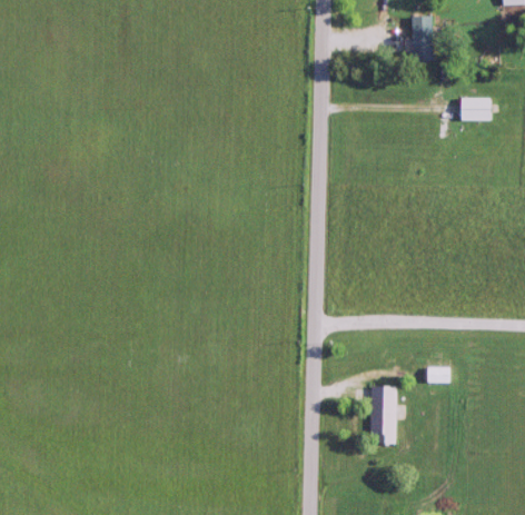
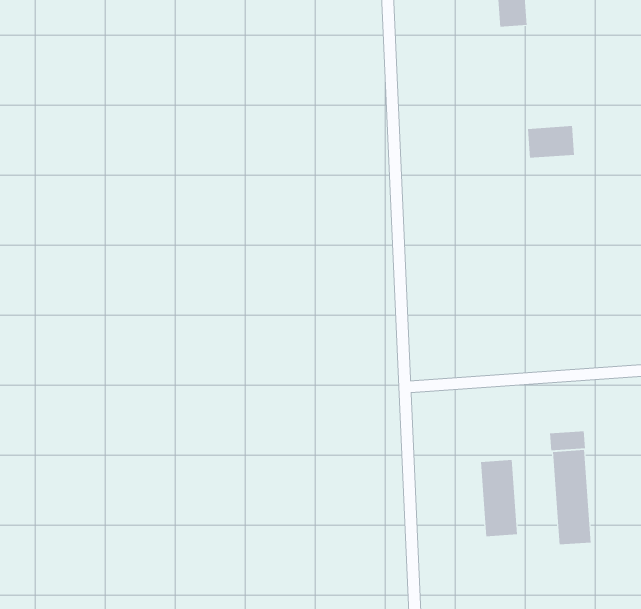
building: [458,98,493,120] -> [527,126,575,158]
building: none -> [552,449,591,545]

